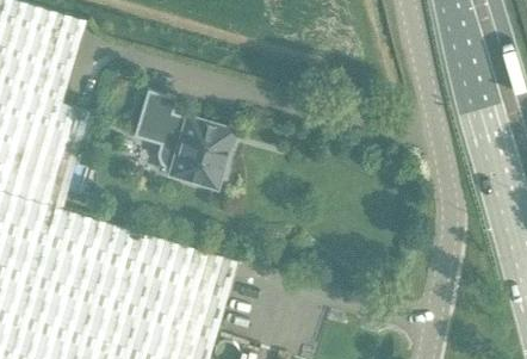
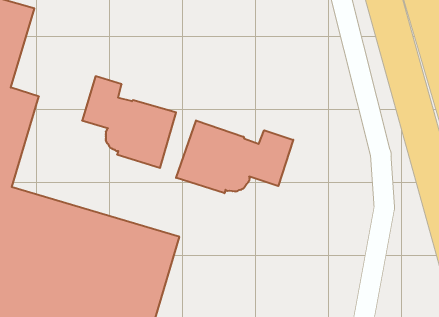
building: none -> [176,120,293,193]

